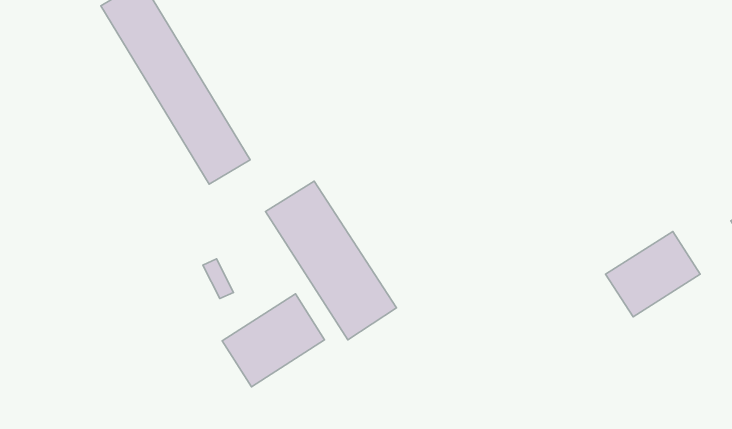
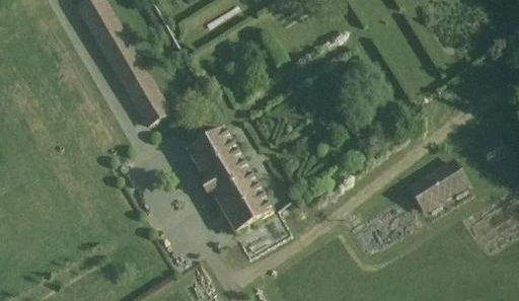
building: [222,294,325,387] -> none

